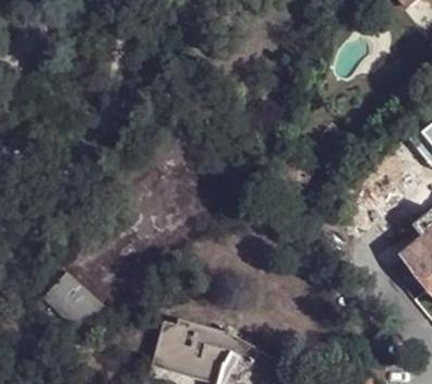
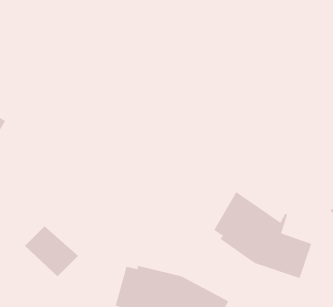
building: none -> [214,191,312,279]

